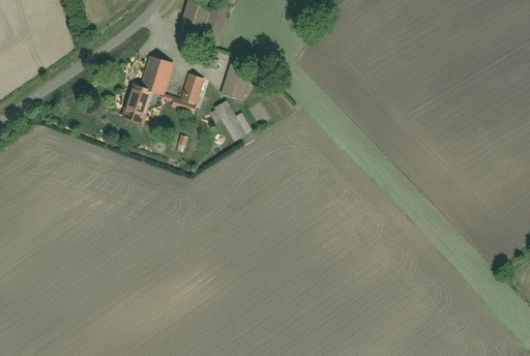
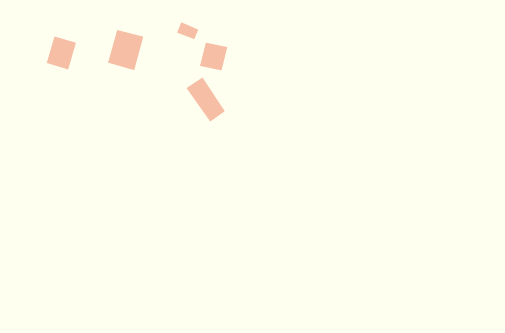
building: [180,75,205,107] -> none
building: [122,87,150,118] -> [46,36,77,70]

